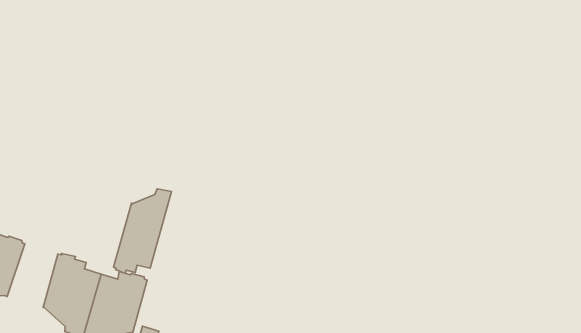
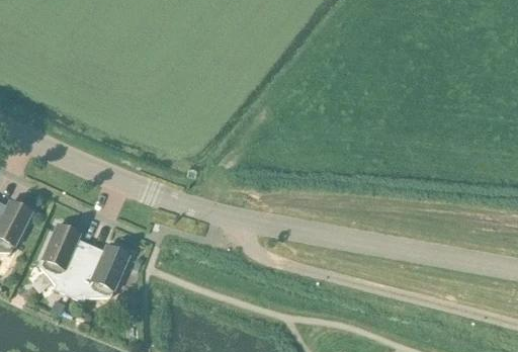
building: [113,189,171,273] -> none

